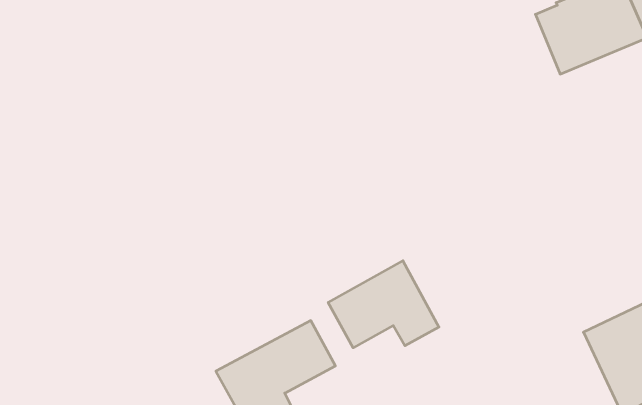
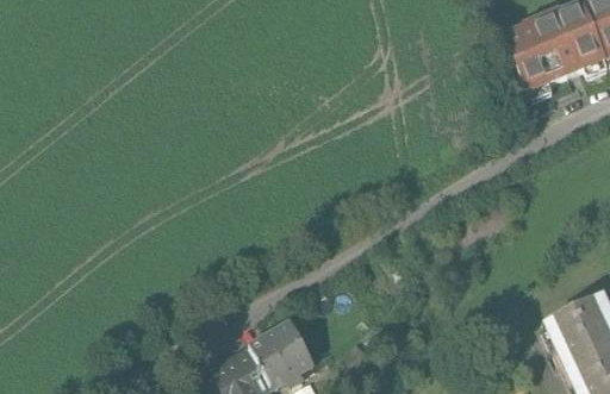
building: [328,261,439,348] -> none

